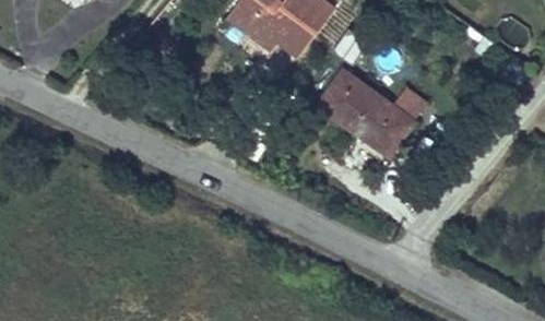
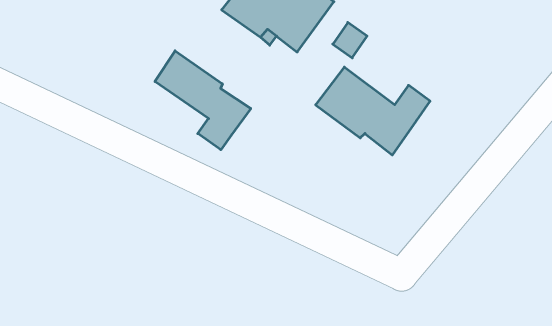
building: none -> [155,51,251,150]

